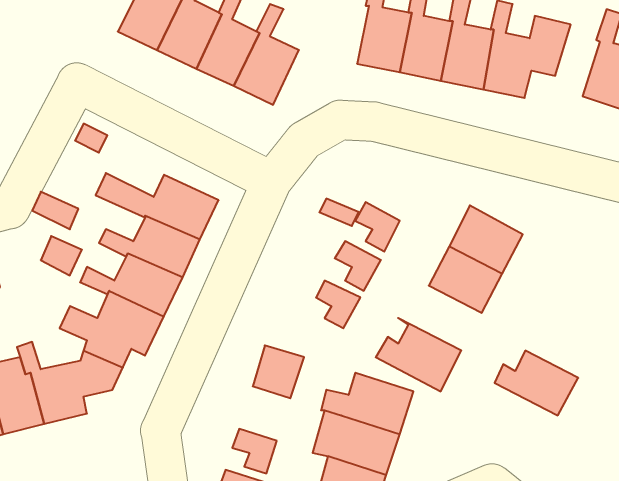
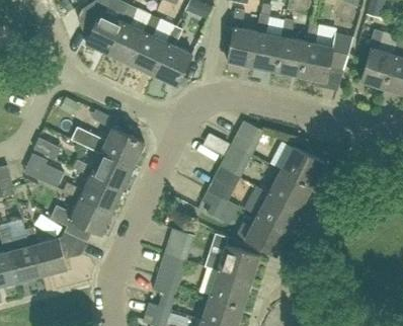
building: none -> [231,120,263,155]
building: [495,351,578,415] -> [250,193,300,232]
building: none -> [156,253,186,286]

